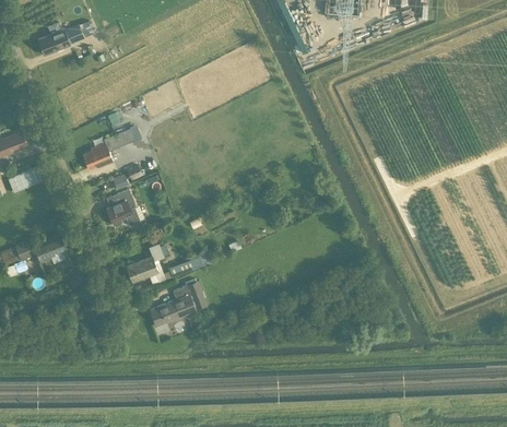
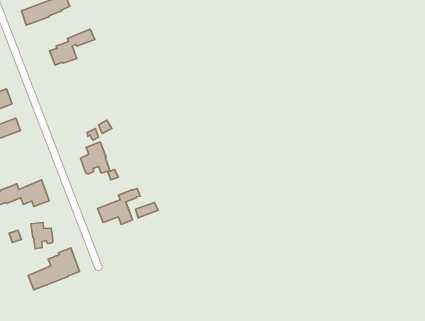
building: [81,129,133,170] -> [49,29,95,65]
building: [149,278,208,327] -> [28,248,79,290]
building: none -> [31,223,53,249]

